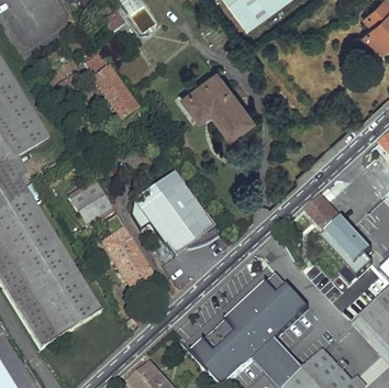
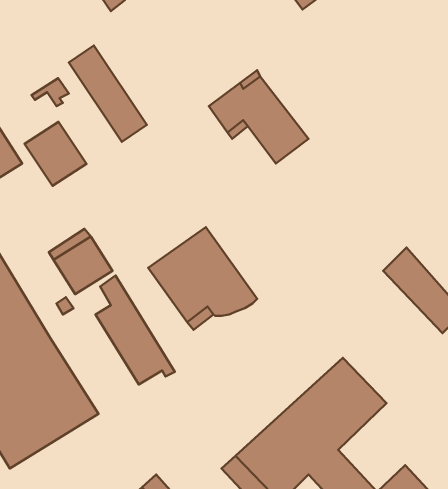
building: none -> [25,122,87,186]

